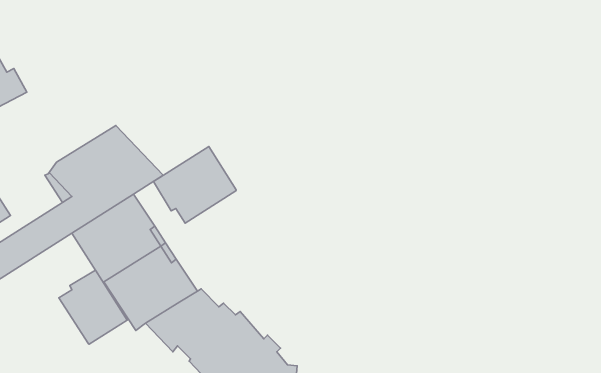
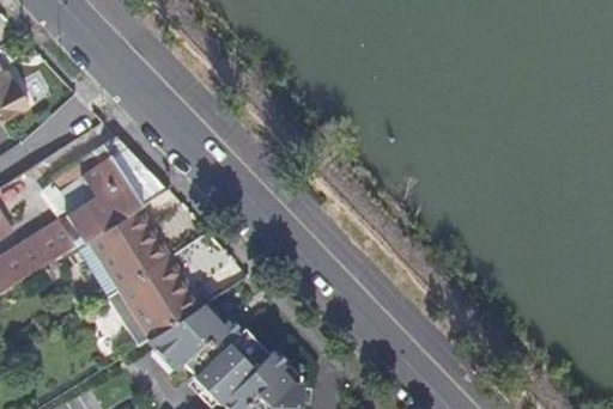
building: [153,146,236,223] -> none
building: [59,270,127,344] -> none

